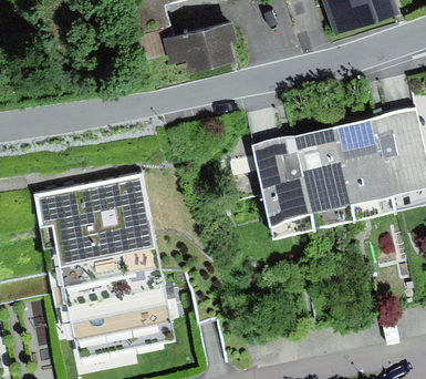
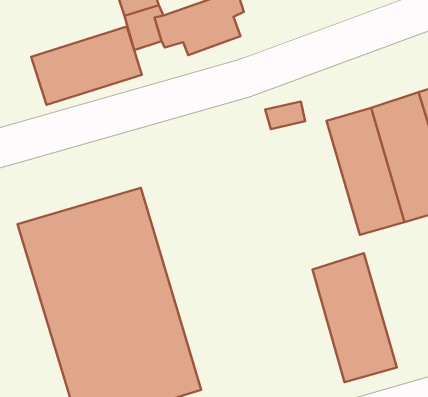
building: none -> [31,27,142,105]
building: [254,132,318,237] -> [313,253,397,382]

